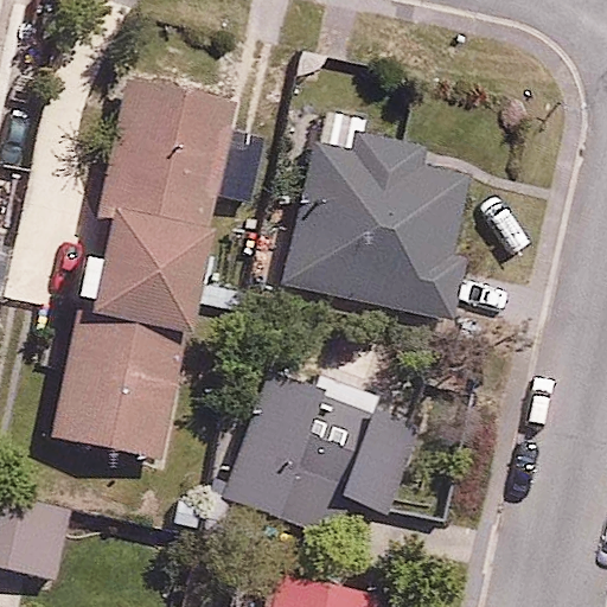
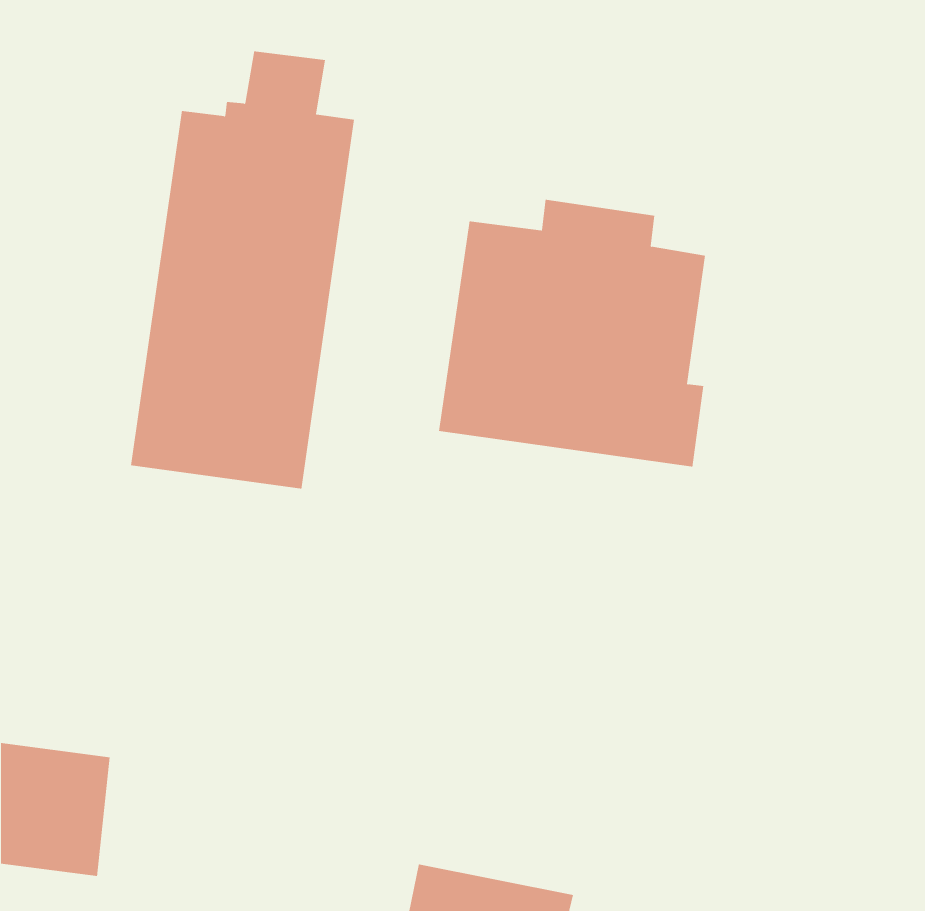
building: [219,326,420,538] -> none
building: [56,337,181,455] -> none

